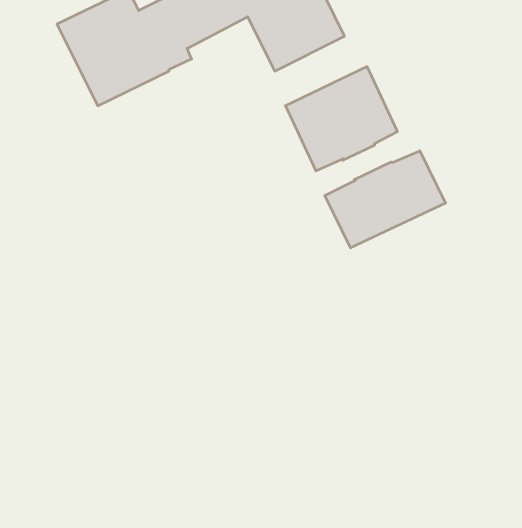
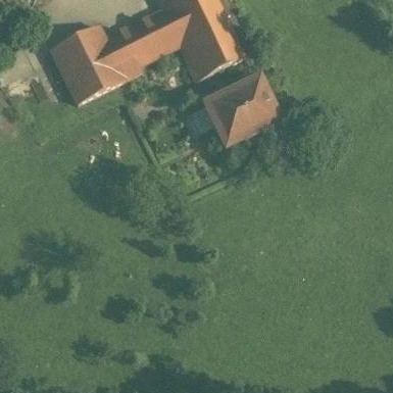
building: [325,151,446,248] -> none

